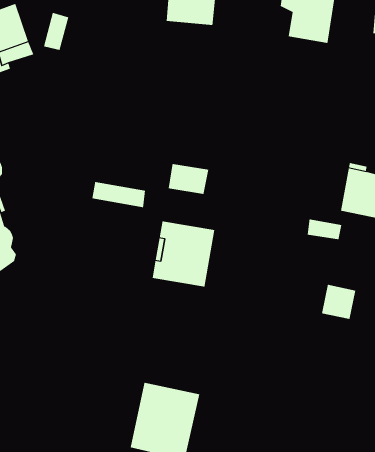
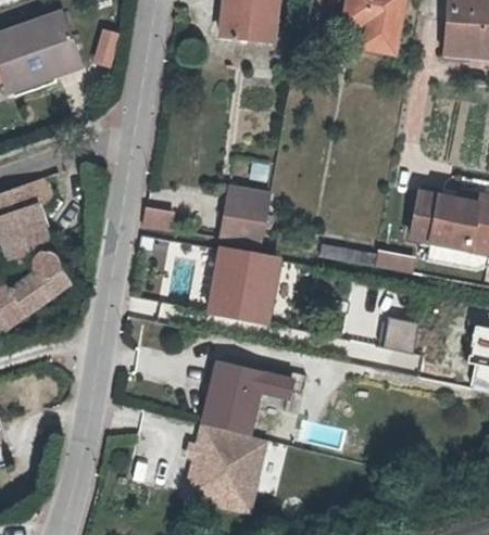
building: none -> [221,213,264,243]
building: none -> [202,358,291,429]

